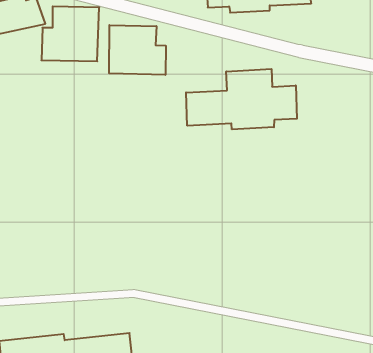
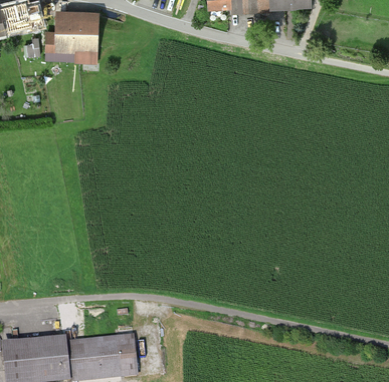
building: [109,25,166,75] -> none
building: [186,69,297,129] -> none

